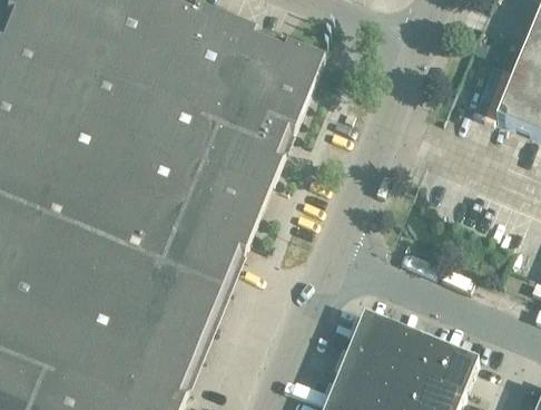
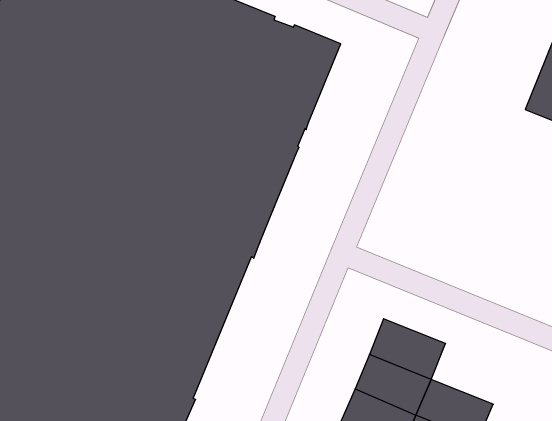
building: [407,335,479,392] -> none

